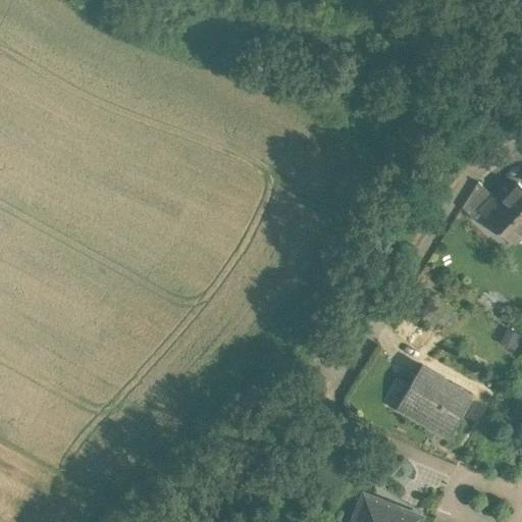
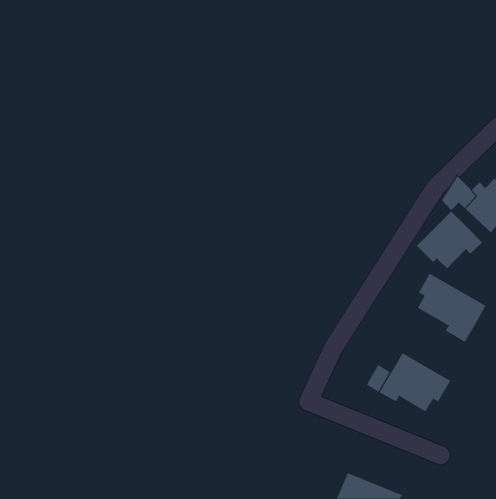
building: none -> [416,211,483,269]
building: none -> [417,273,486,343]

